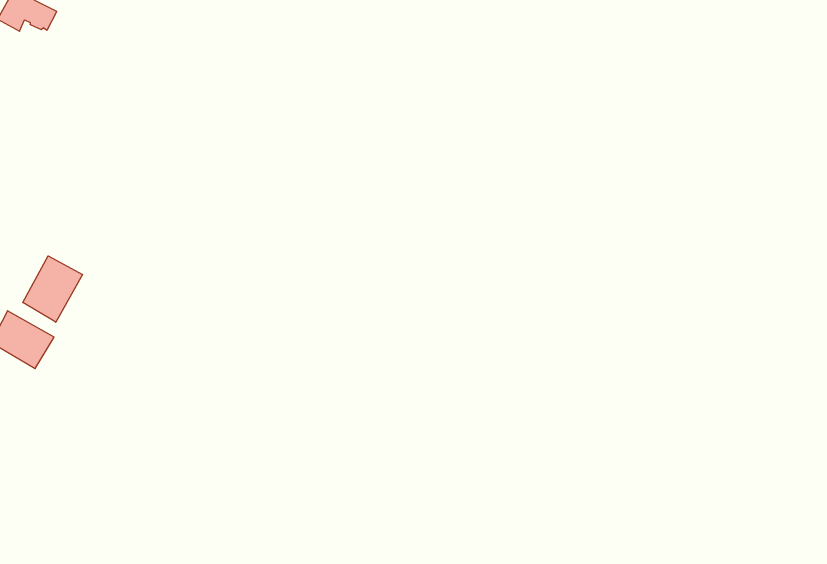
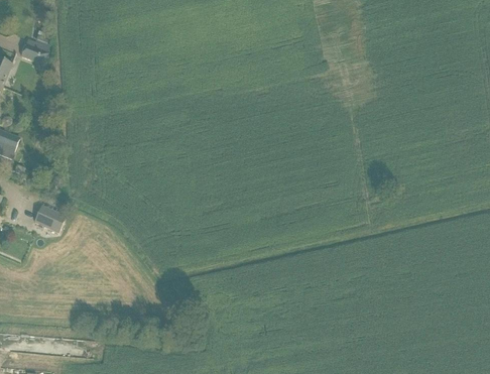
building: [23,256,83,322] -> none

